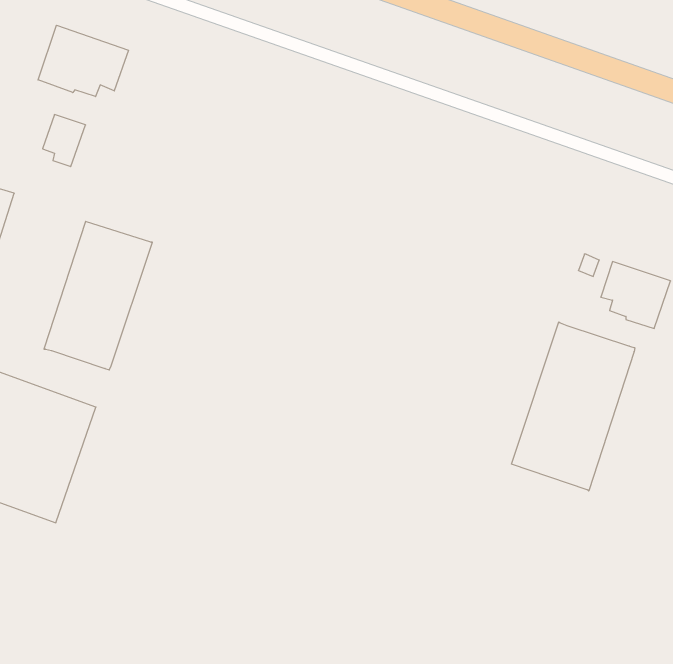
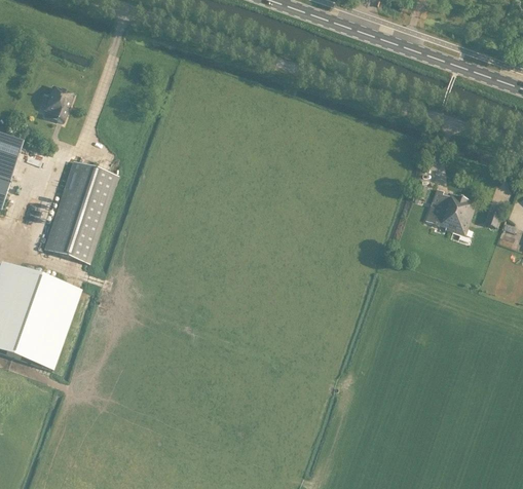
building: [38,25,129,97] -> none
building: [512,322,635,491] -> none

